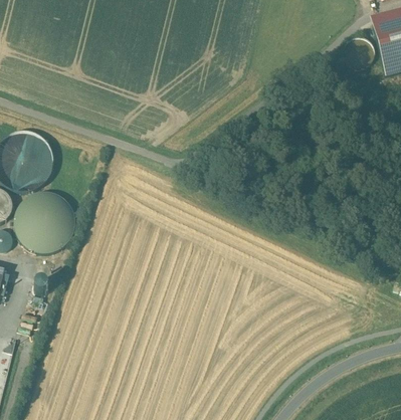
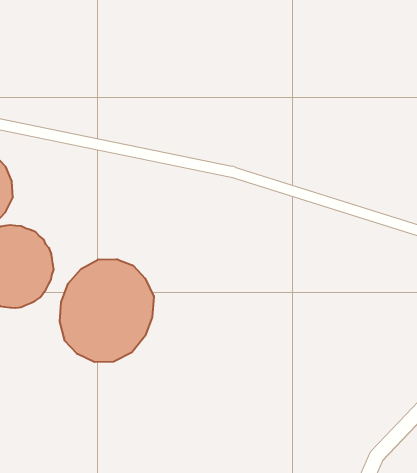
building: none -> [60,259,154,362]

